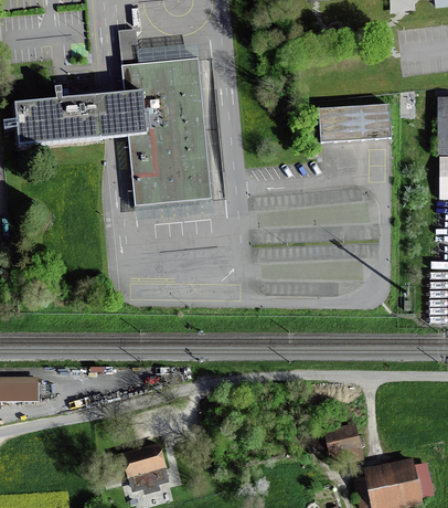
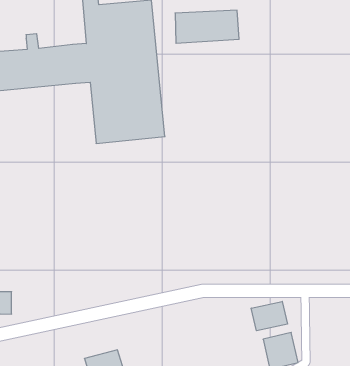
building: [320,104,393,141] -> [175,10,239,43]
building: none -> [251,301,287,331]

